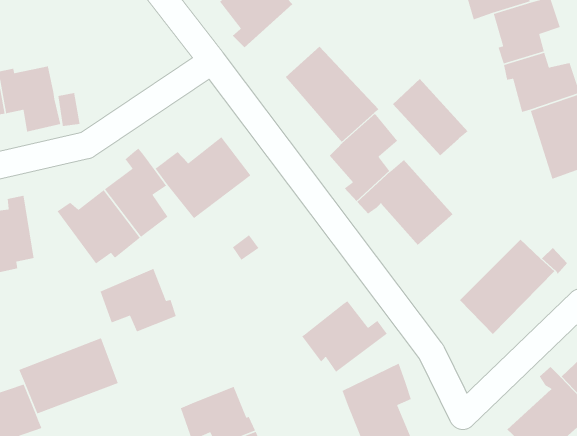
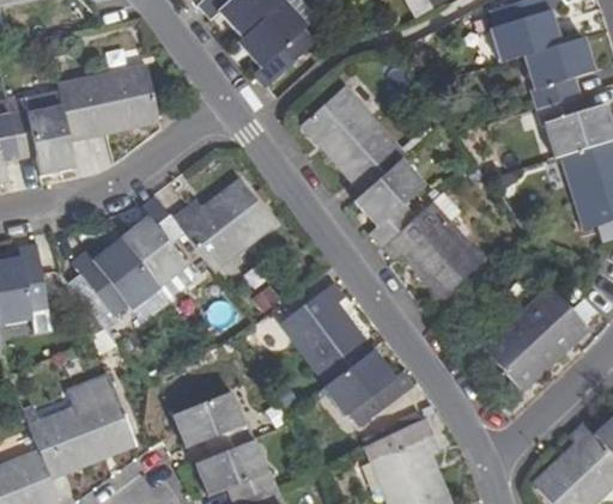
building: none -> [56,68,158,135]
building: [392,78,468,156] -> none
building: none -> [280,283,366,385]
building: [100,268,177,333] -> [174,389,254,456]

